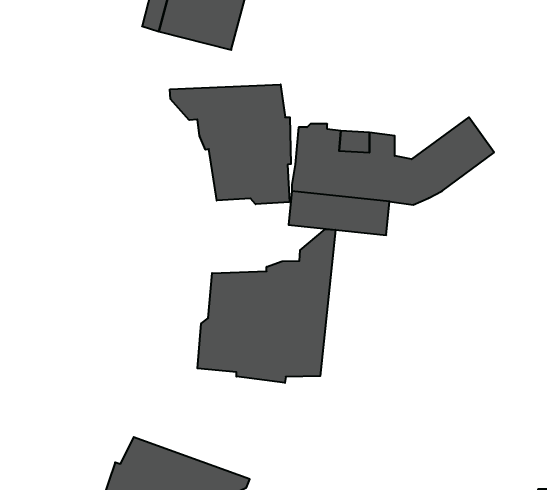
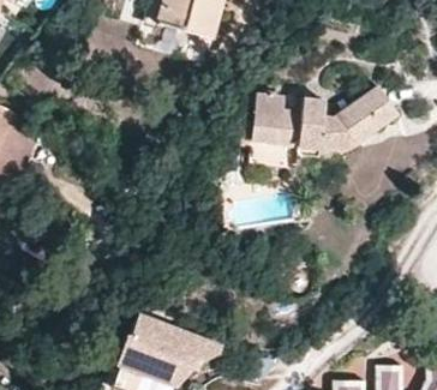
building: [170,84,291,204] -> none
building: [197,229,335,383] -> none

